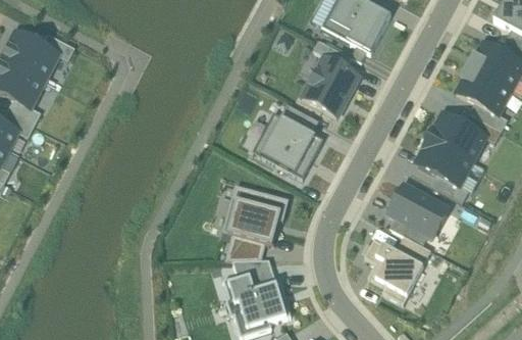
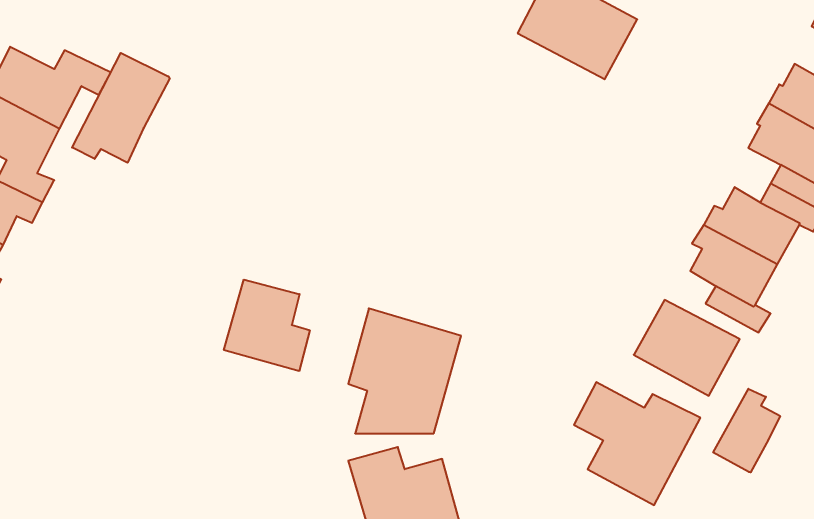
building: none -> [72,53,170,163]
building: [297,42,357,119] -> none
building: [254,103,324,178] -> none
building: none -> [224,280,310,371]
building: none -> [713,389,780,472]

